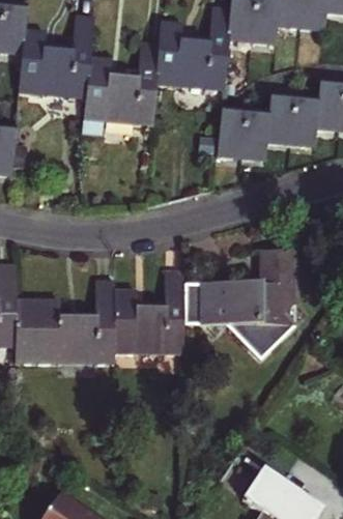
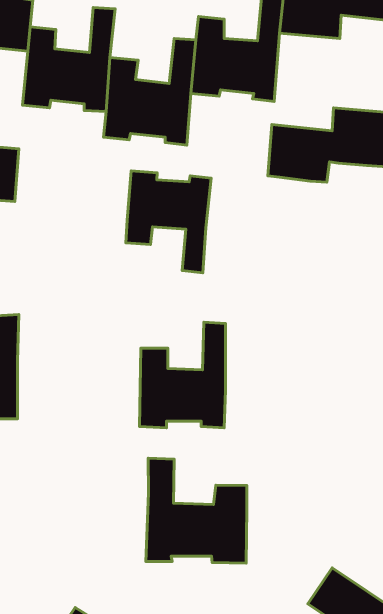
building: none -> [126,171,211,273]
building: [183,251,296,359] -> none
building: [16,280,115,363] -> none
building: none -> [146,458,247,563]

